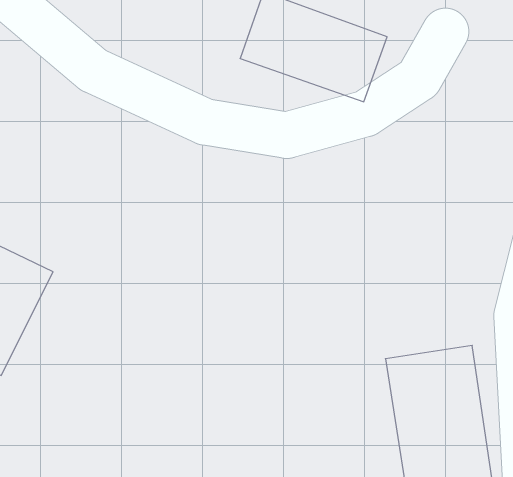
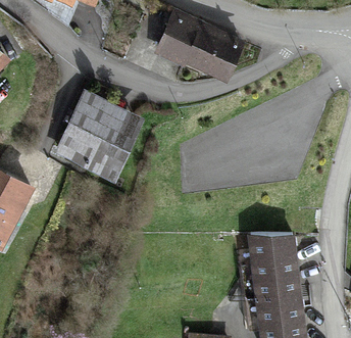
building: none -> [55,89,159,185]

